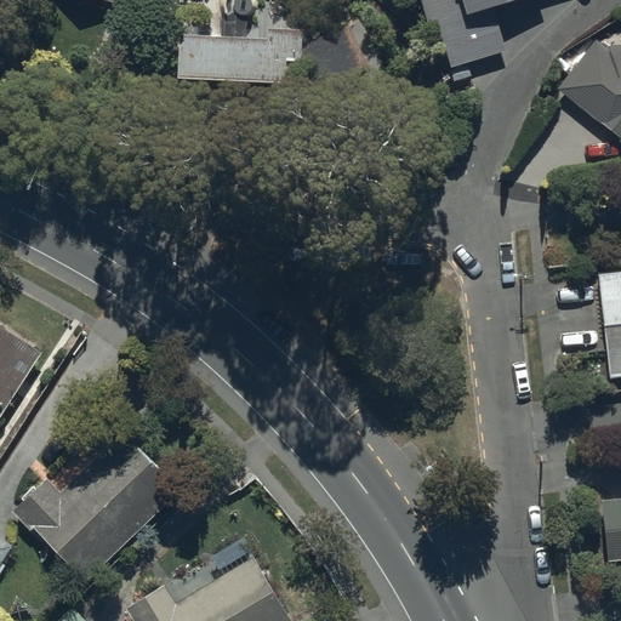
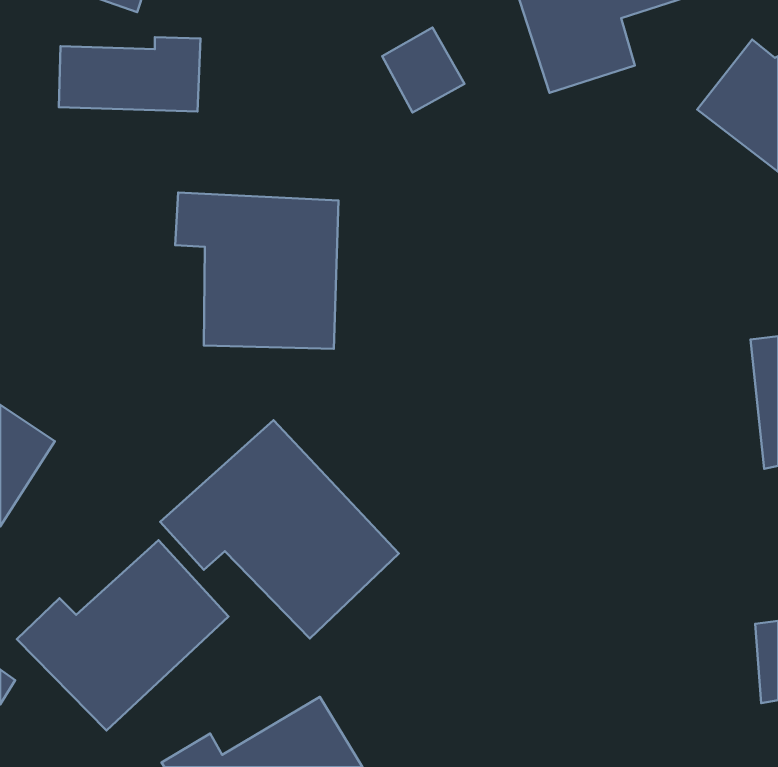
building: [189,28,302,87] -> [59,37,200,112]
building: none -> [175,193,339,349]
building: none -> [160,420,399,638]

